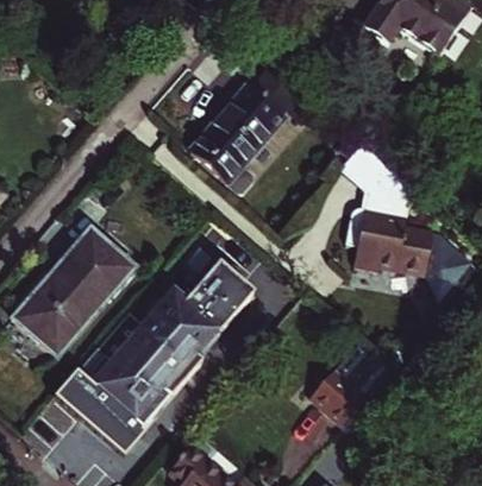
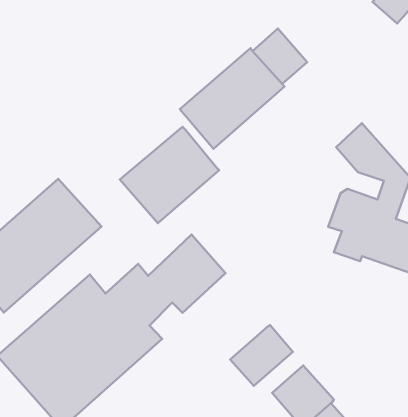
building: none -> [120,127,219,223]
building: none -> [230,325,293,386]

